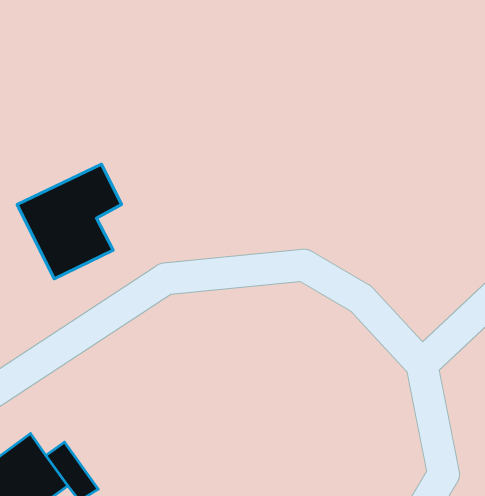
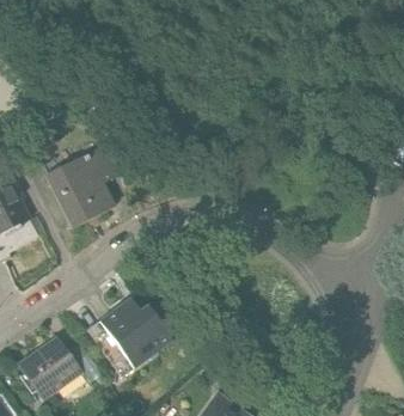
building: none -> [97,294,176,369]

